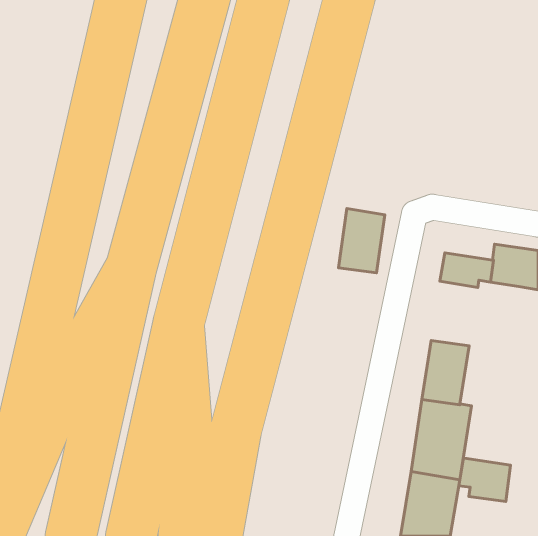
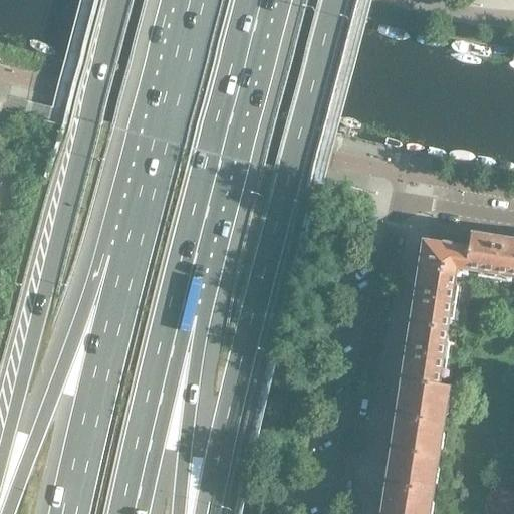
building: [338,208,385,273] -> [410,267,454,328]
building: [459,458,511,501] -> none

